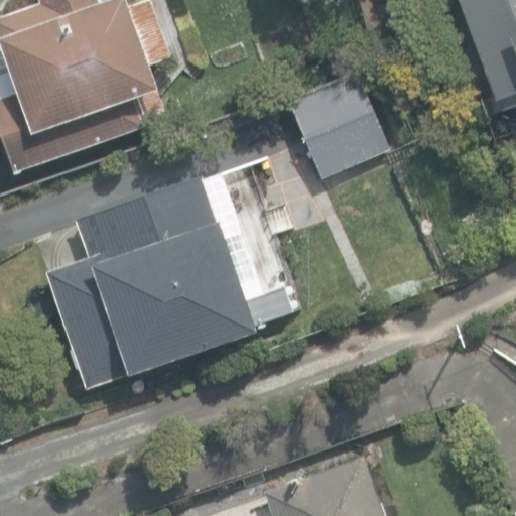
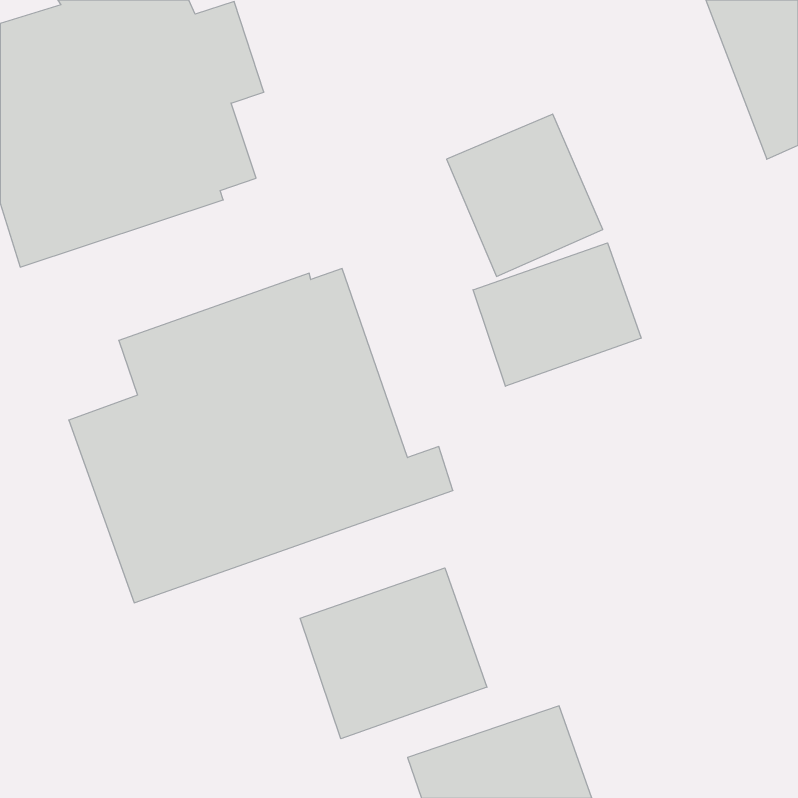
building: none -> [473,243,641,386]
building: none -> [300,568,487,739]

